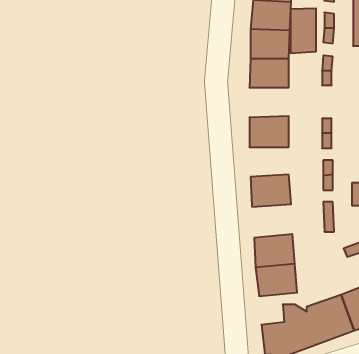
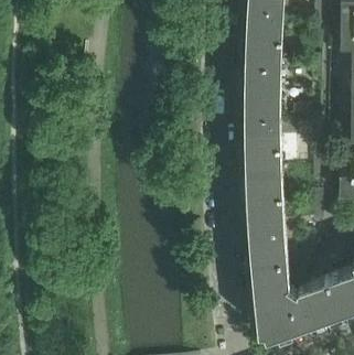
building: [291,8,316,53] -> none
building: none -> [244,93,280,120]
building: none -> [244,148,280,175]
building: none -> [246,201,283,232]
building: none -> [253,282,289,312]

